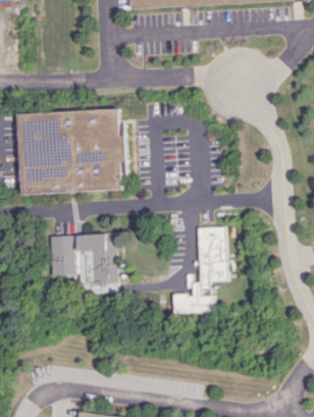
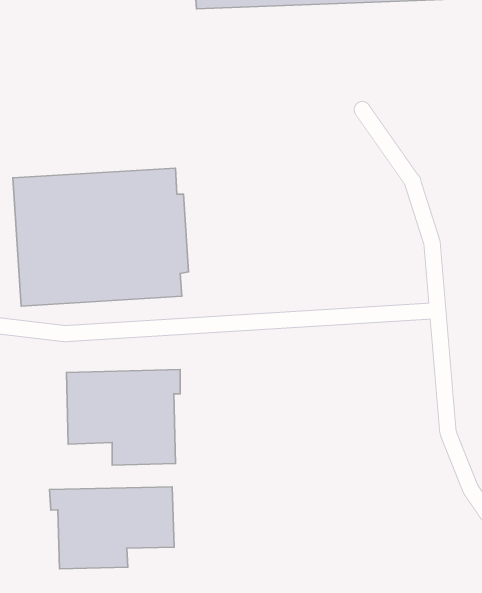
building: [172,227,226,314] -> none
building: none -> [50,487,174,569]

